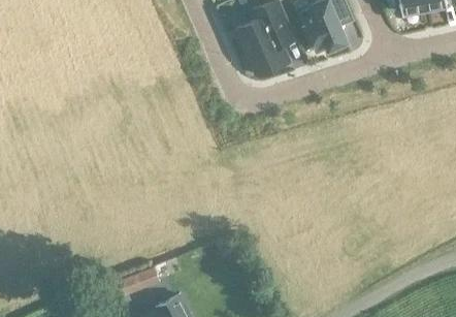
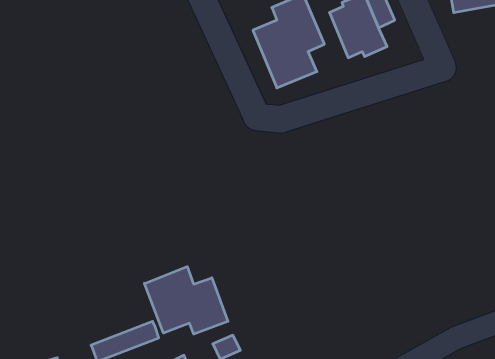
building: none -> [144,267,228,334]

